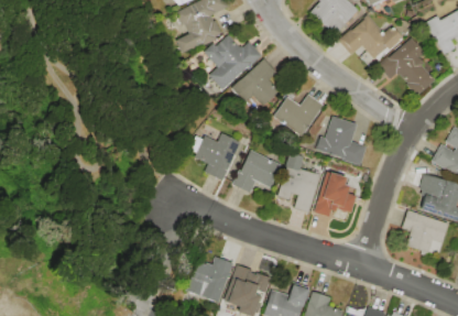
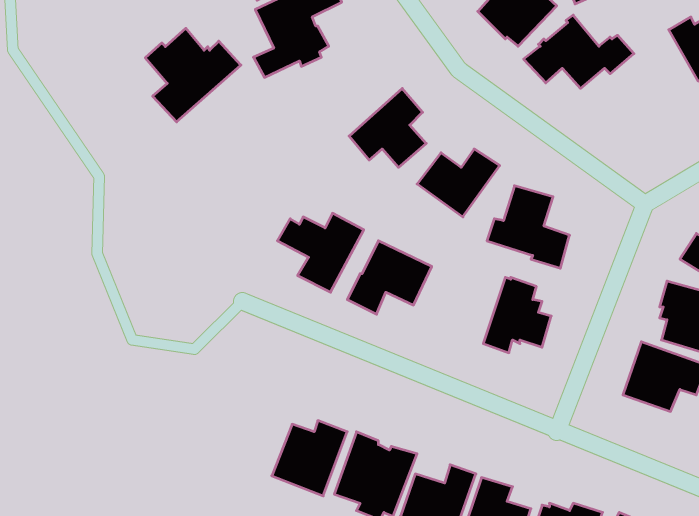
building: [205,34,262,90] -> [145,28,241,122]
building: [378,39,435,96] -> none
building: [277,153,320,213] -> none

